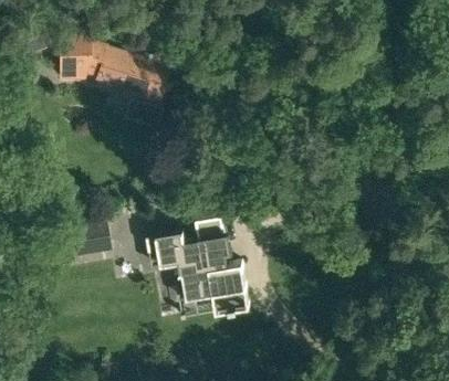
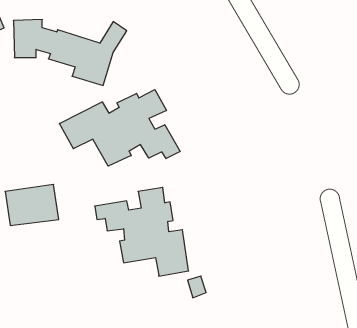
building: none -> [59,90,180,166]

